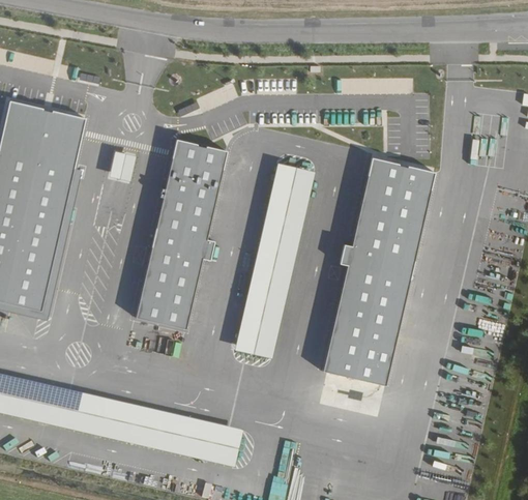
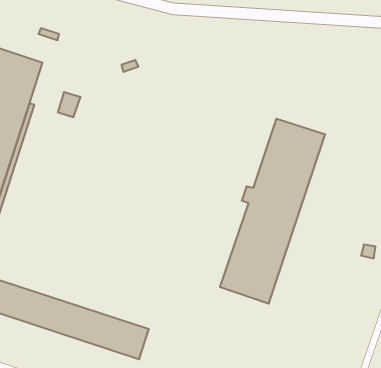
building: [134,141,226,328] -> none
building: [233,164,314,357] -> none

